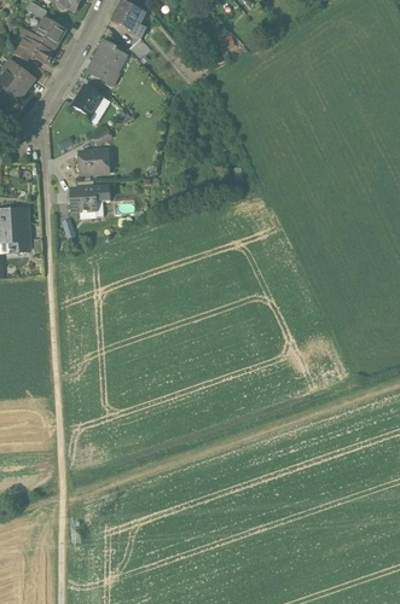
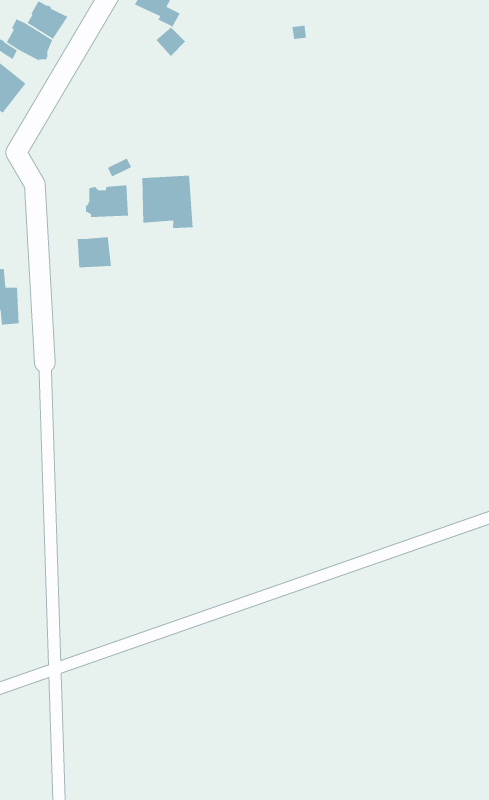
building: [87,43,123,85] -> none
building: [73,83,103,116] -> none
building: none -> [142,175,193,229]

